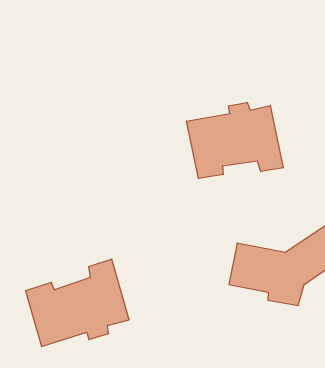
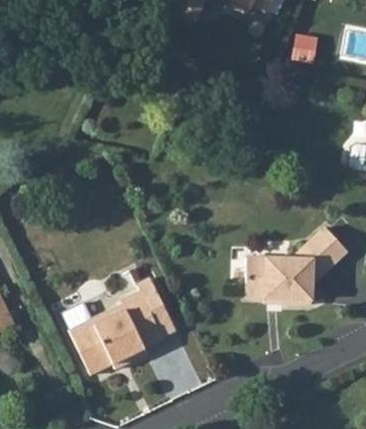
building: [187,102,283,179] -> none

